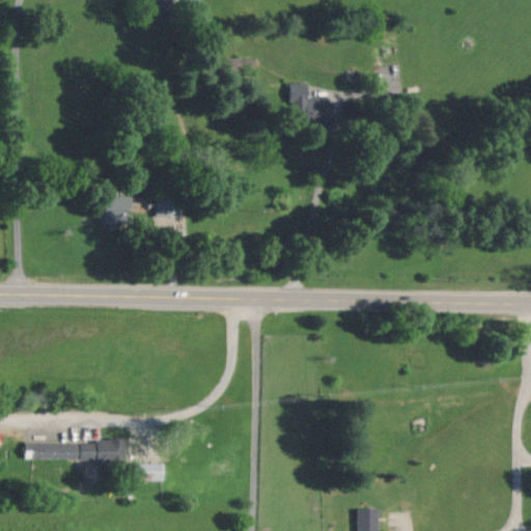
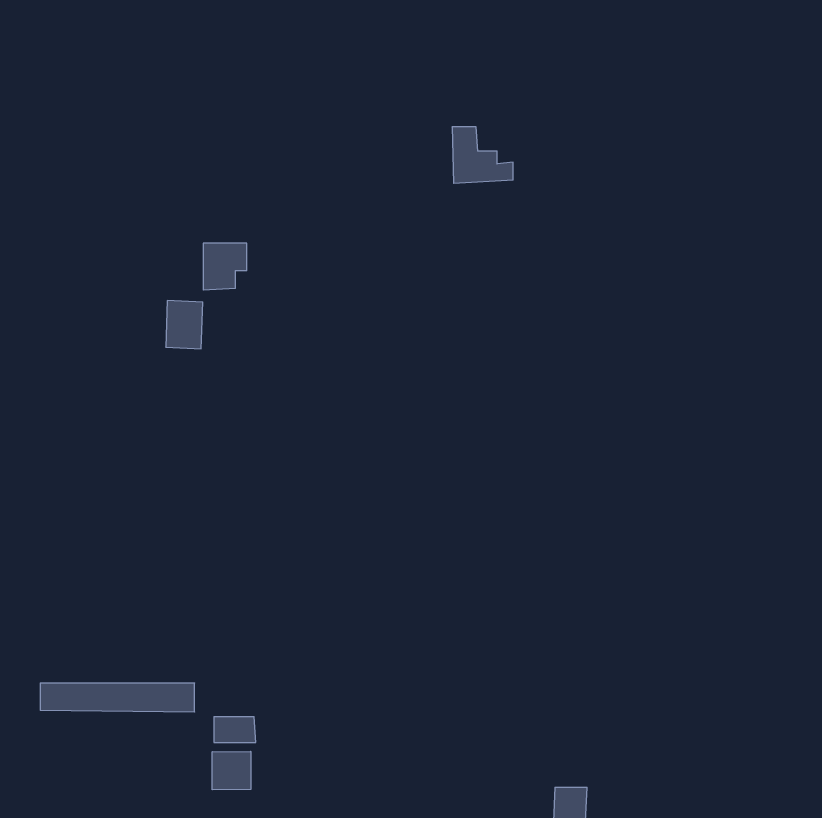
building: [156,200,184,230] -> [203,243,247,290]
building: none -> [212,751,251,790]

